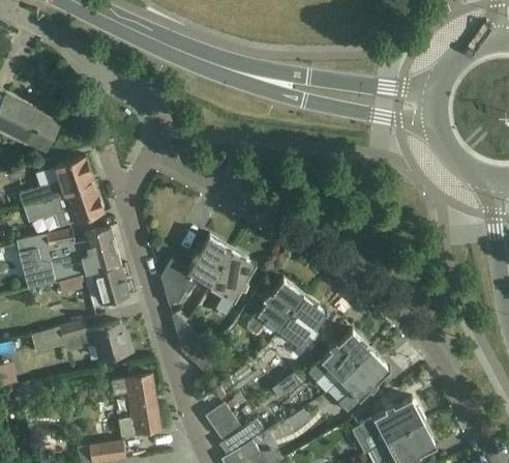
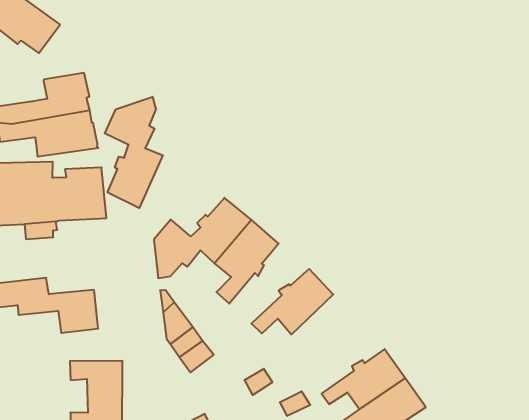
building: none -> [105,97,163,208]
building: [85,266,129,307] -> none
building: [278,295,328,360] -> none

